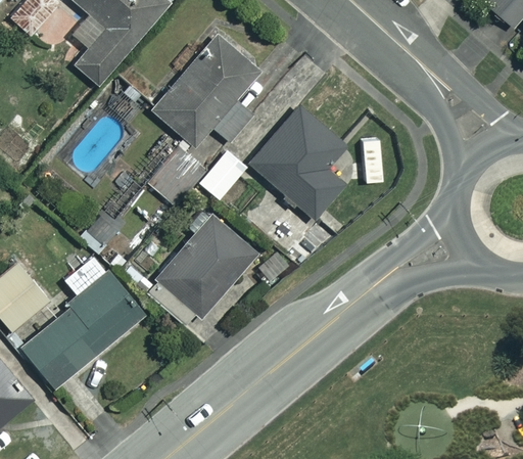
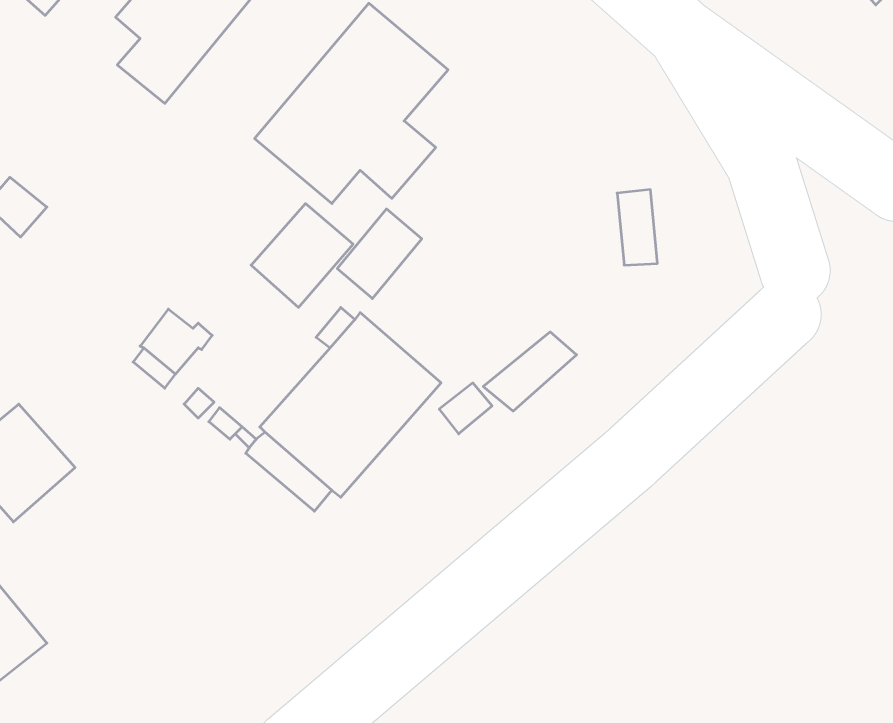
building: [249,102,348,220] -> none
building: [19,255,147,387] -> none

